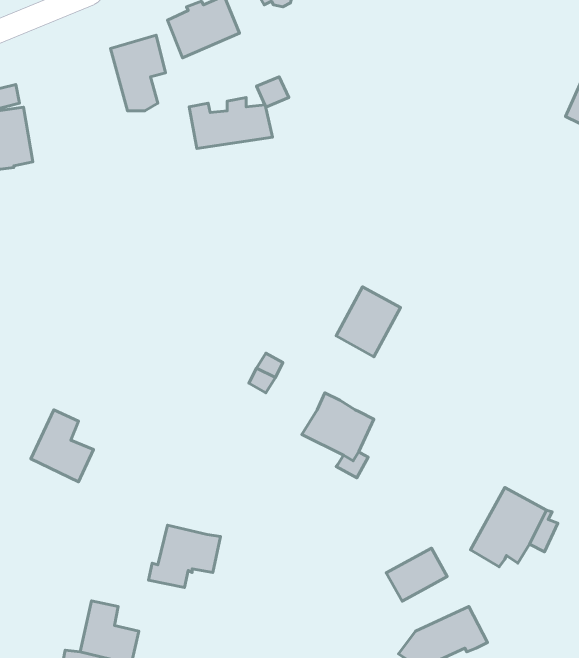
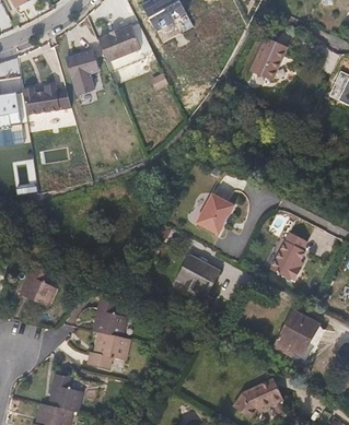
building: none -> [253,37,287,78]
building: [189,97,273,149] -> [22,83,70,113]
building: none -> [270,233,306,280]
building: none -> [93,299,126,337]
building: [386,548,447,601] -> none

